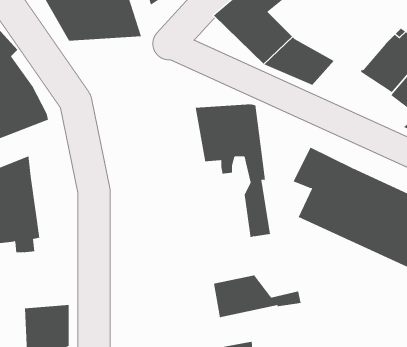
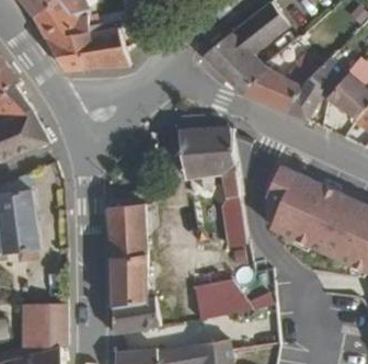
building: none -> [283,58,347,121]
building: none -> [107,204,159,333]

